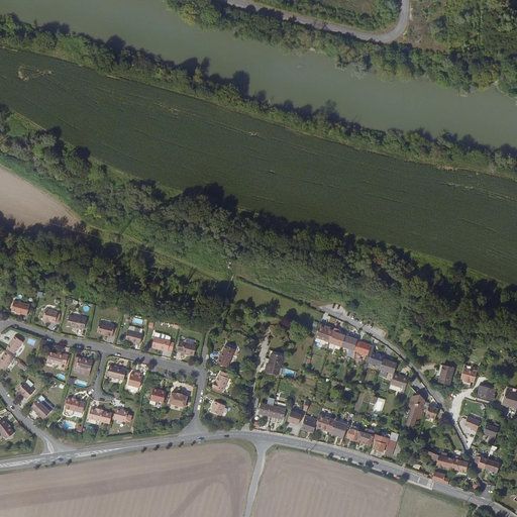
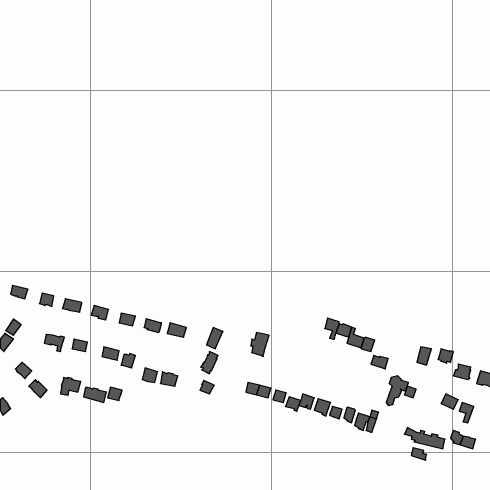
building: [315,323,345,345] -> none

